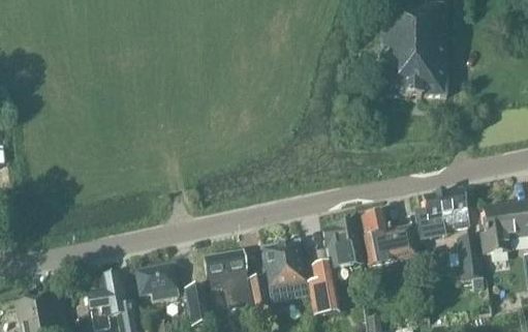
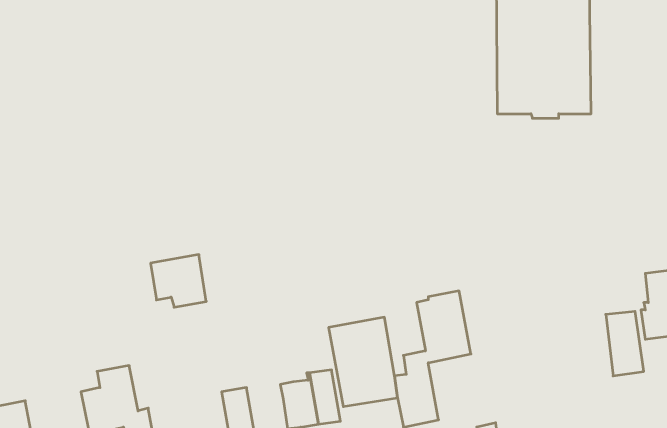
building: [413,186,467,239] -> none
building: [362,211,415,265] -> none
building: [205,251,246,288] -> none
building: [136,263,176,300] -> [151,255,206,307]

